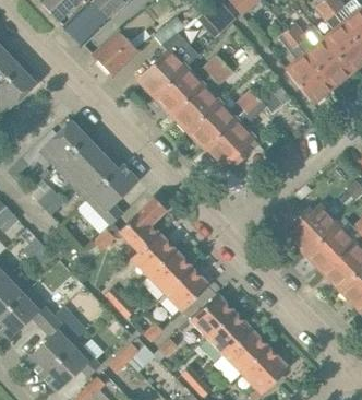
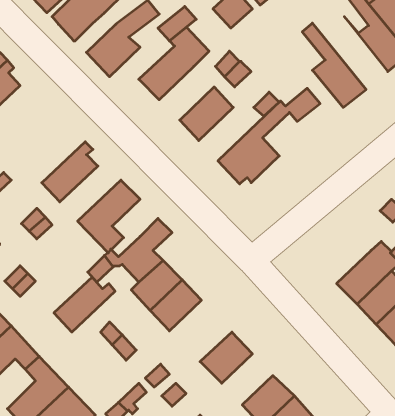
building: [286,23,350,87] -> none
building: [155,68,202,114] -> none
building: [189,103,234,149] -> none
building: [39,120,92,167] -> none
building: [70,153,122,200] -> [54,277,115,332]
building: [288,207,336,254] -> none
building: [164,268,208,313] -> none
building: [208,314,252,357] -> none

